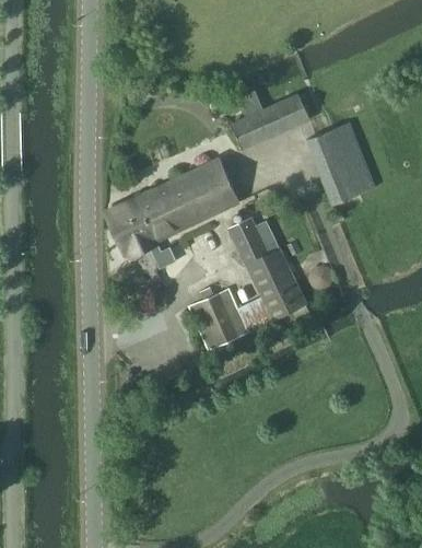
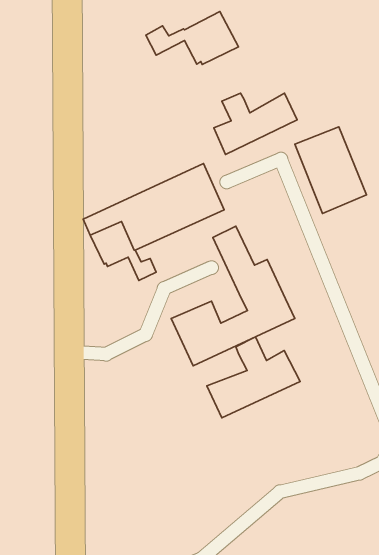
building: none -> [146,11,238,64]
building: none -> [207,337,300,418]

